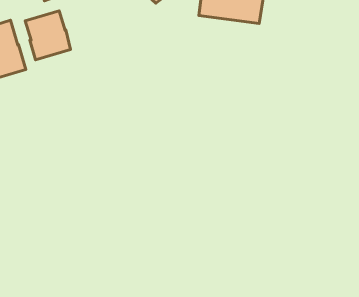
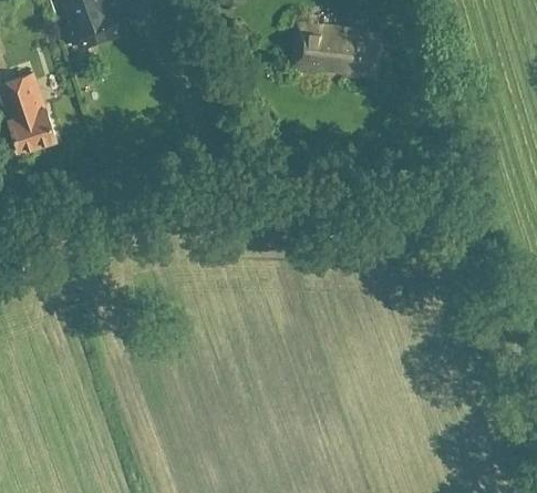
building: [25,11,71,60] -> none

